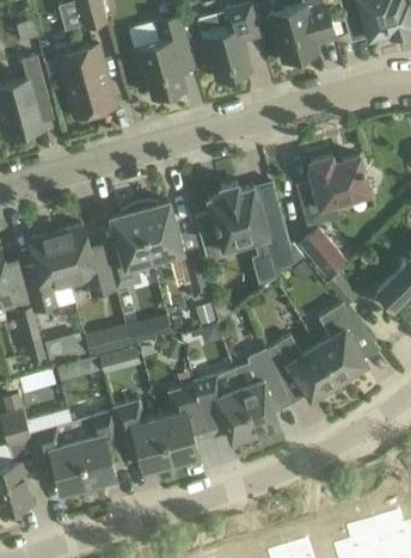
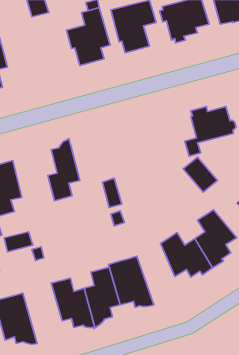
building: [56,44,116,119] -> none
building: [196,183,303,287] -> none
building: [136,202,183,266] -> none
building: [56,226,116,298] -> none
building: [87,315,172,352] -> none
building: [233,349,287,439] -> none
building: [70,410,128,493] -> none

